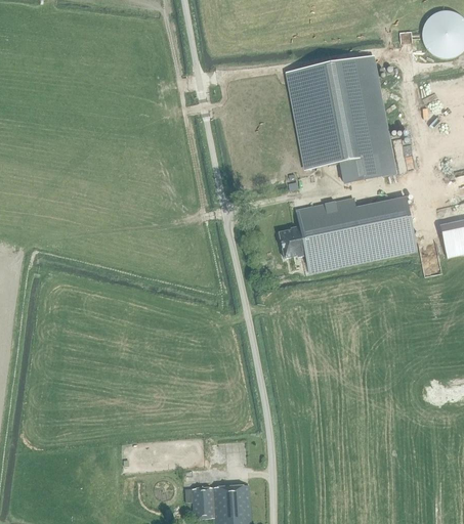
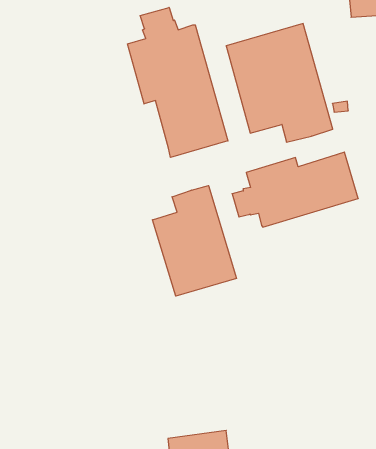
building: none -> [127,7,228,157]
building: none -> [152,186,237,296]

